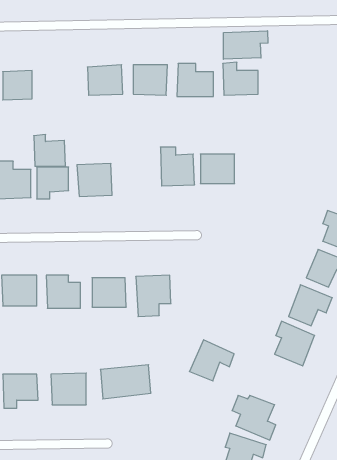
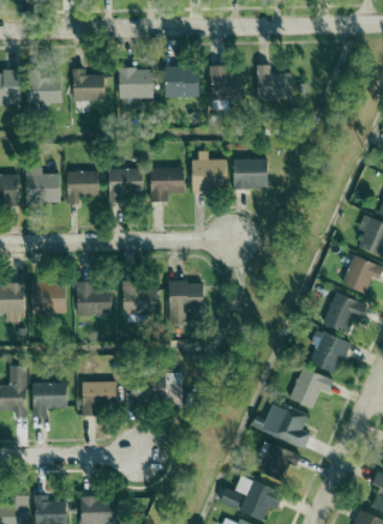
building: [223,31,268,59] -> none
building: [34,135,66,166] -> [72,68,104,101]
building: none -> [150,168,185,201]
building: [189,340,234,381] -> [288,367,334,409]

